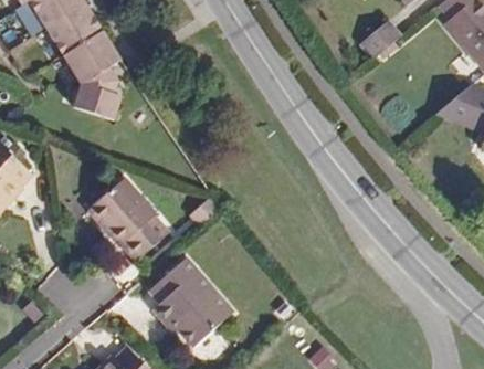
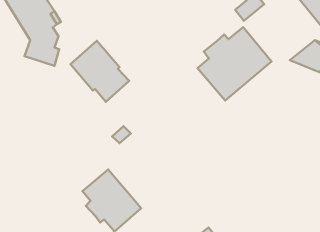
building: none -> [197,27,271,101]
building: [90,181,170,265] -> [70,41,129,102]

